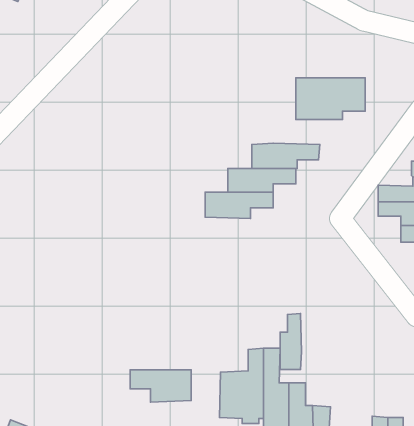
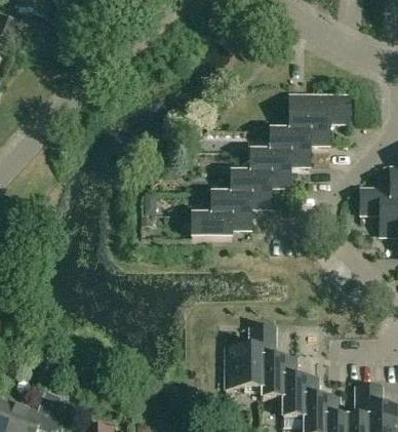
building: none -> [270,127,329,150]
building: none -> [192,212,250,235]
building: [280,313,301,370] -> none
building: [130,370,191,402] -> none

